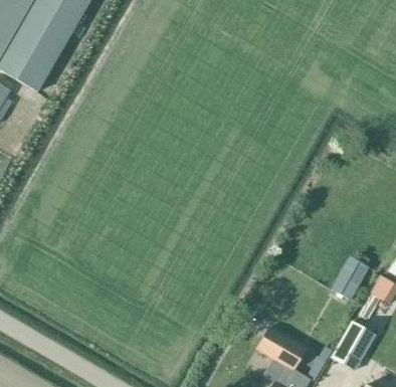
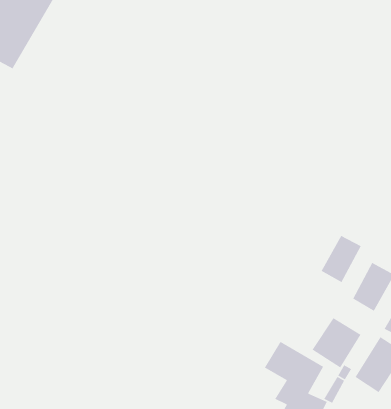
building: none -> [321,235,362,283]
building: none -> [311,317,361,368]

